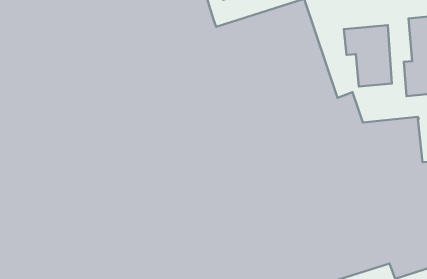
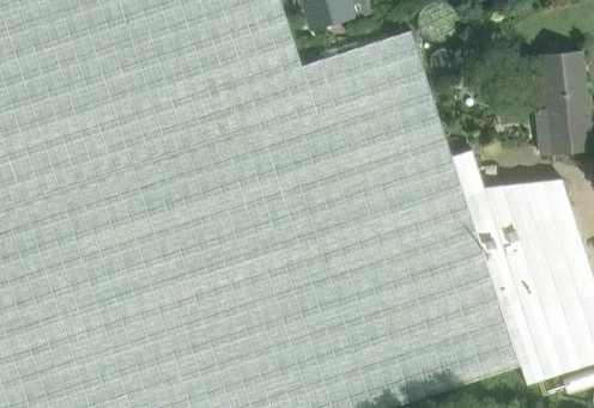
building: [344,25,392,86] -> none

